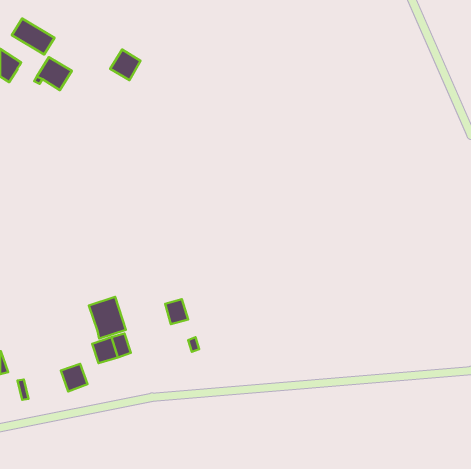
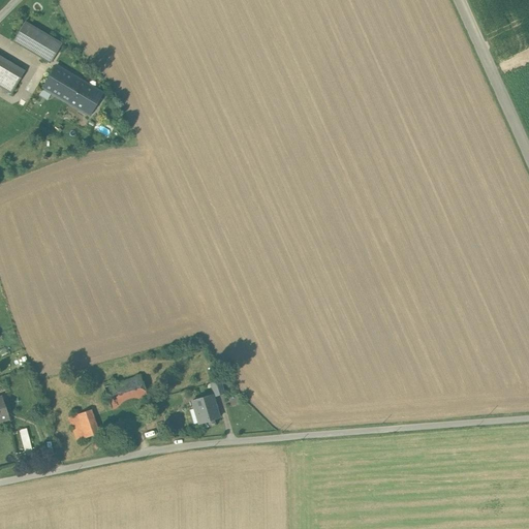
building: [110,50,140,80] -> [67,80,101,114]
building: [89,297,126,339] -> none
building: [165,299,188,324] -> [192,394,218,422]

